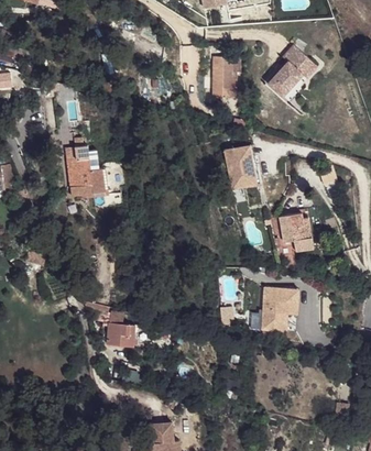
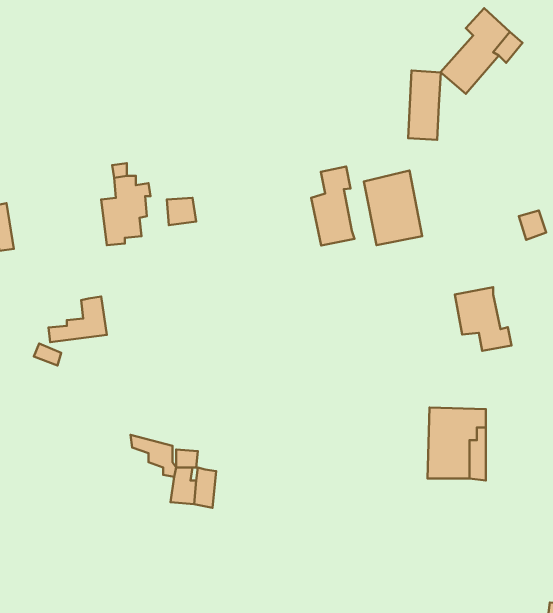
building: [212,57,232,99] -> [408,71,441,140]
building: none -> [311,167,355,246]
building: [68,170,103,198] -> [48,297,107,342]

